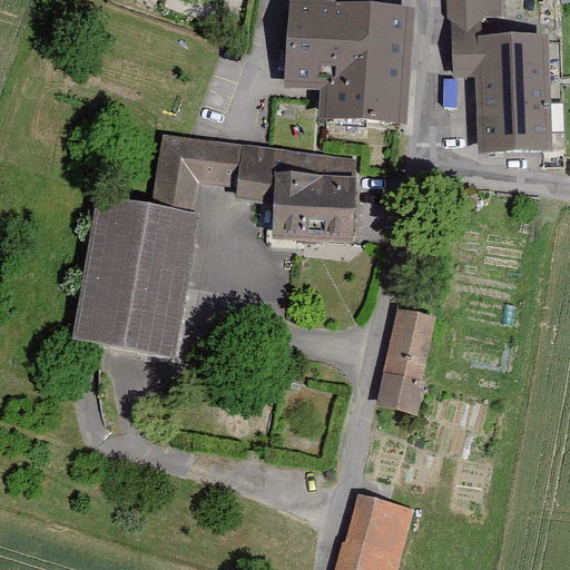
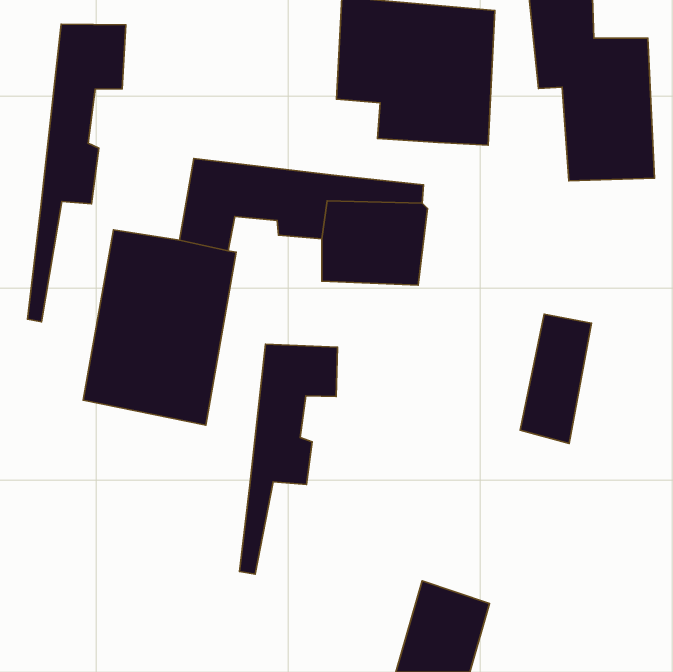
building: none -> [27,24,126,322]
building: none -> [239,344,338,574]
building: [376,306,436,415] -> [520,314,592,443]

